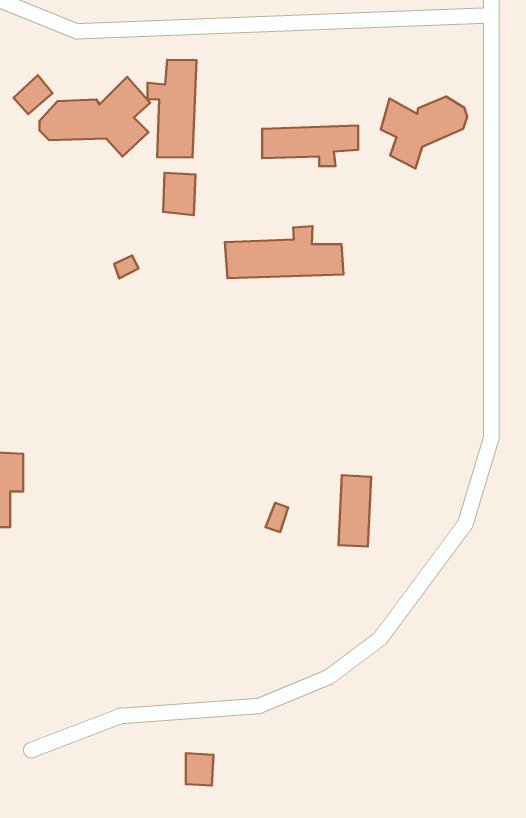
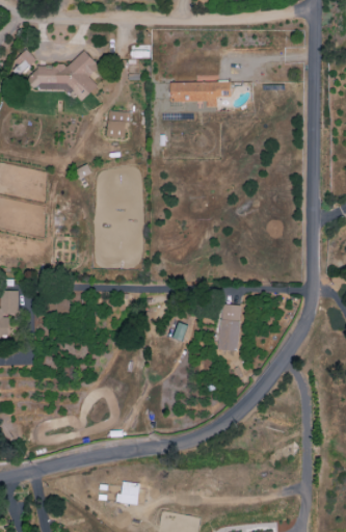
building: [148,60,197,158] -> none
building: [381,96,467,168] -> none
building: [225,226,344,278] -> none

